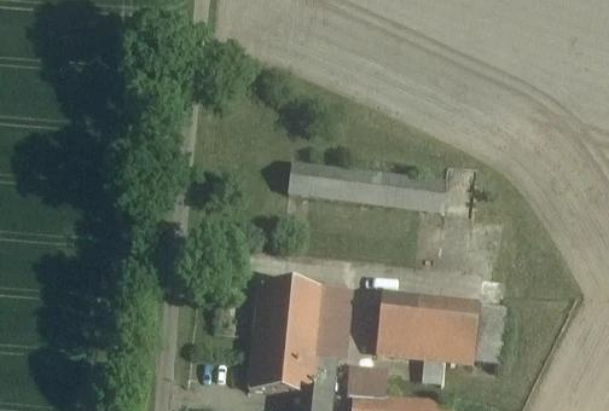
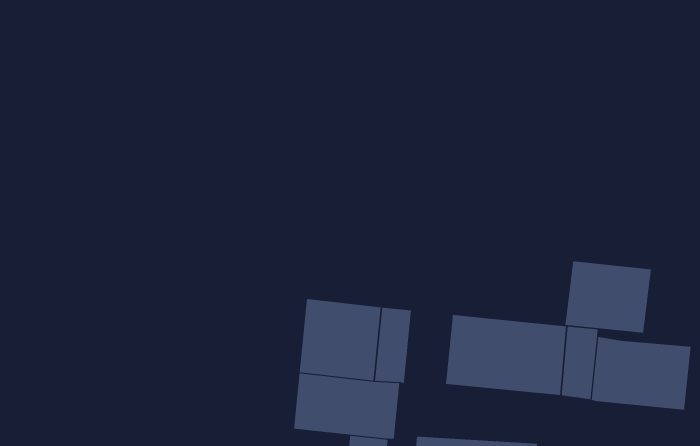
building: [288,162,446,210] -> none
building: none -> [565,261,652,334]
building: none -> [591,336,691,410]

